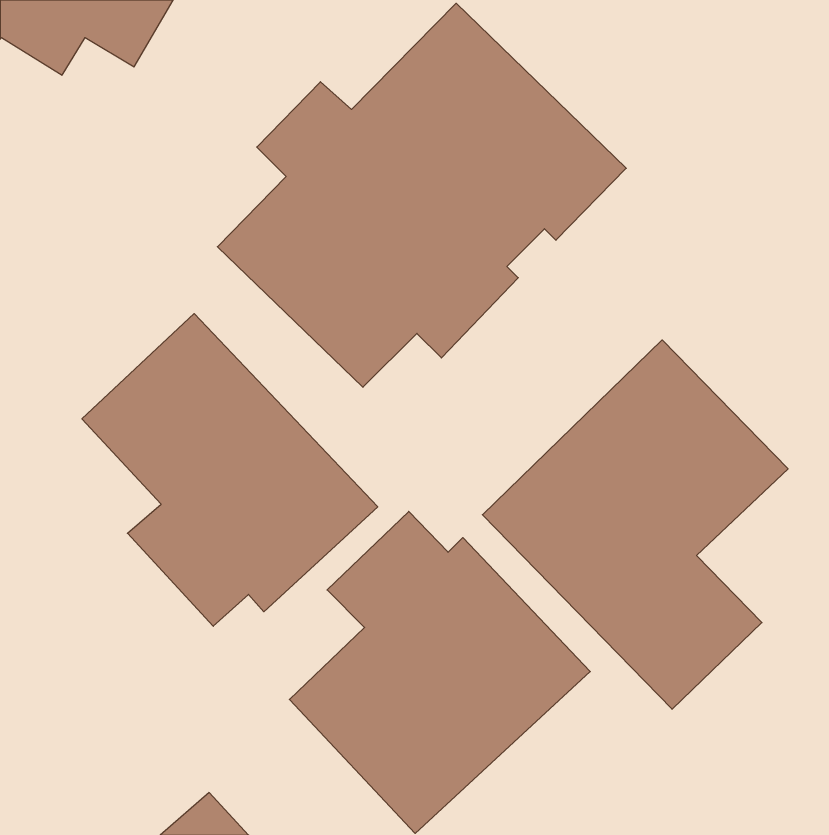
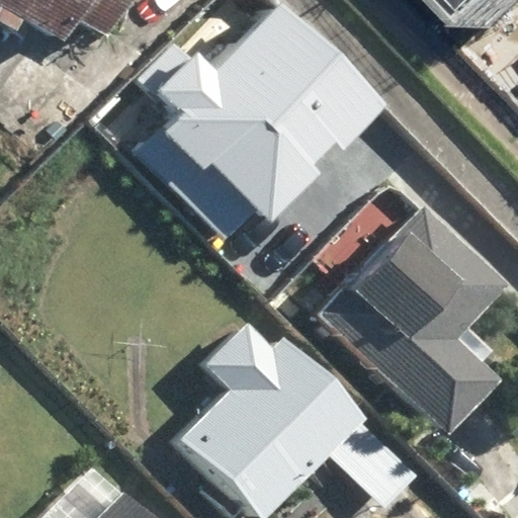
building: [82,314,378,626] -> none

